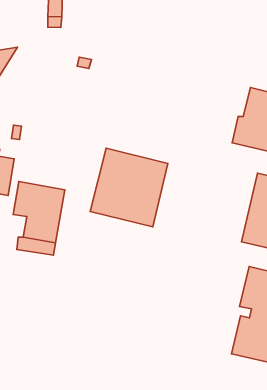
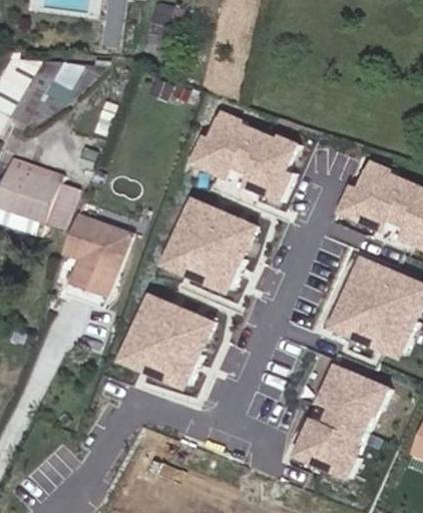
building: none -> [187,108,297,202]
building: none -> [115,291,215,391]

